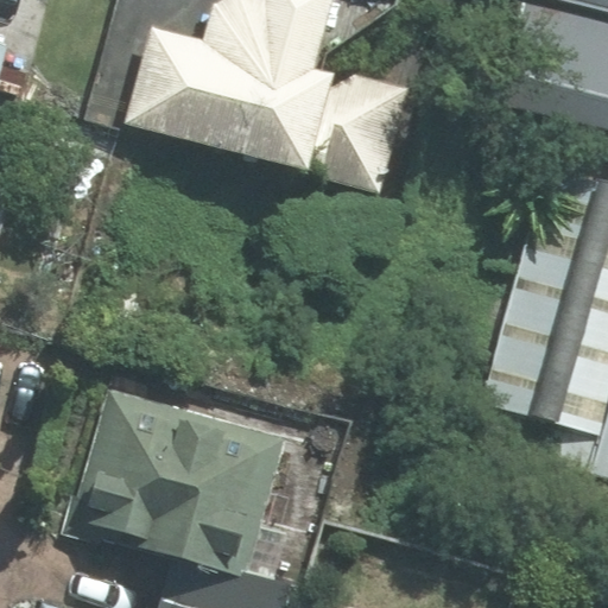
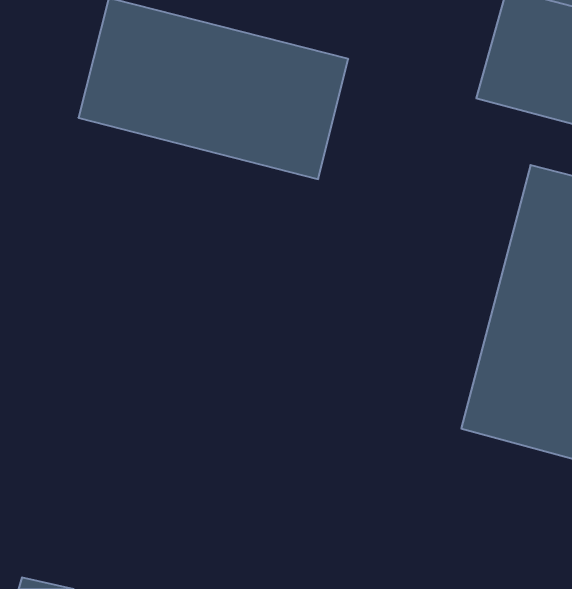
building: [88,385,306,571] -> none

